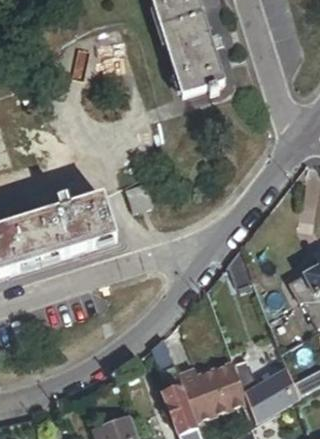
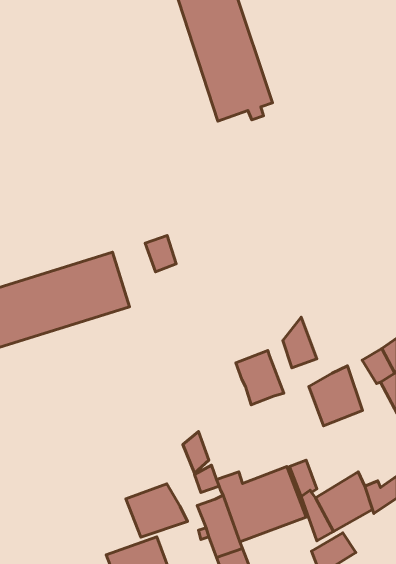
building: none -> [236,350,284,405]
building: none -> [309,366,363,426]
building: none -> [126,484,187,537]

